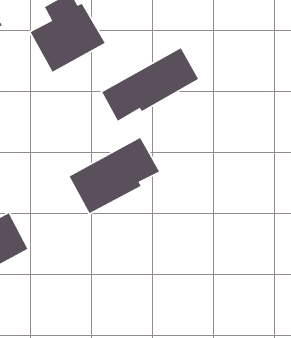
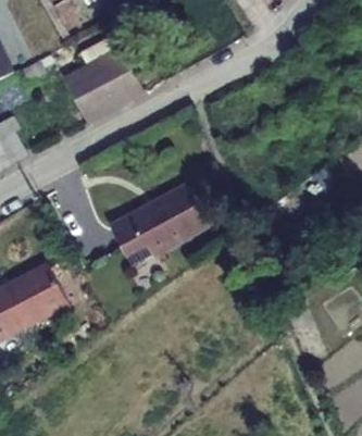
building: [101,47,199,122] -> none

